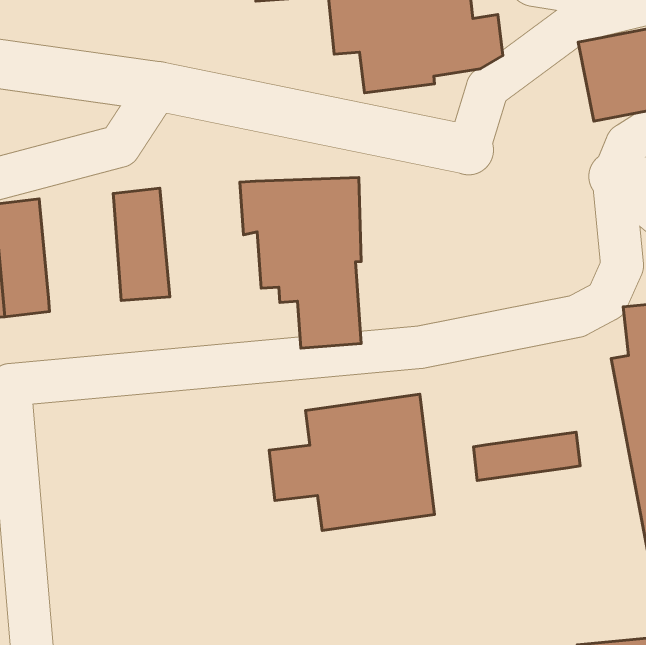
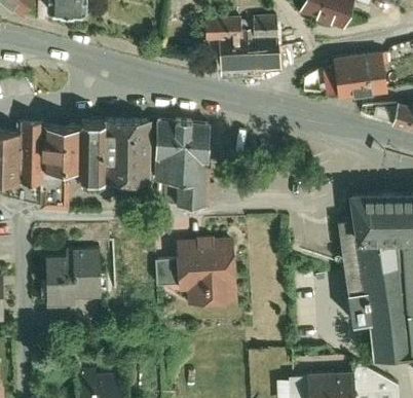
building: none -> [107,120,150,182]
building: none -> [43,125,82,174]
building: [473,432,580,481] -> none
building: none -> [45,251,103,310]

